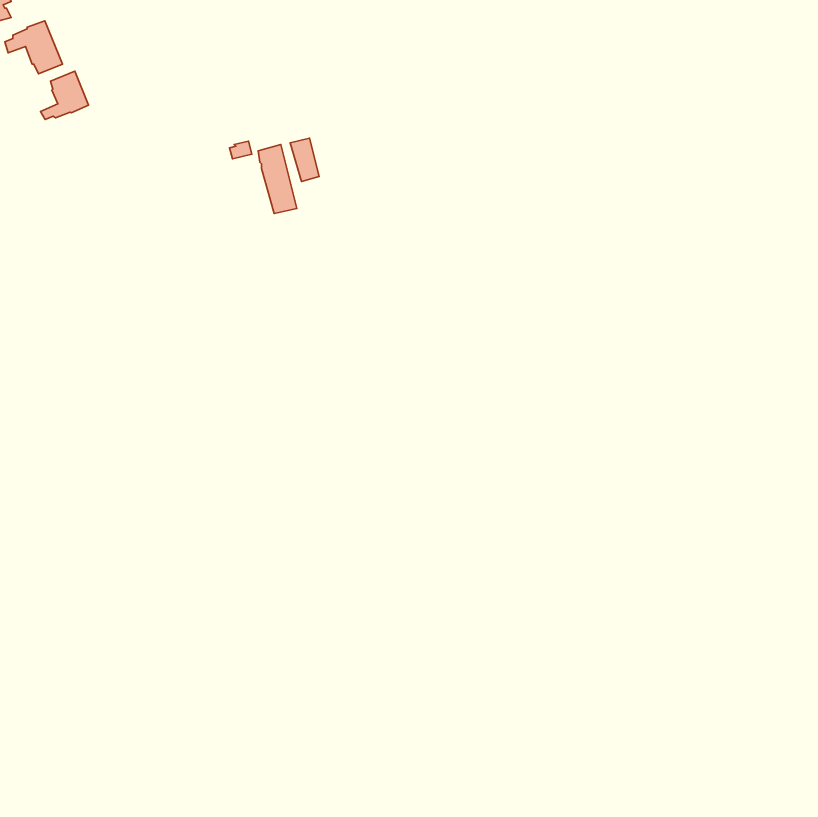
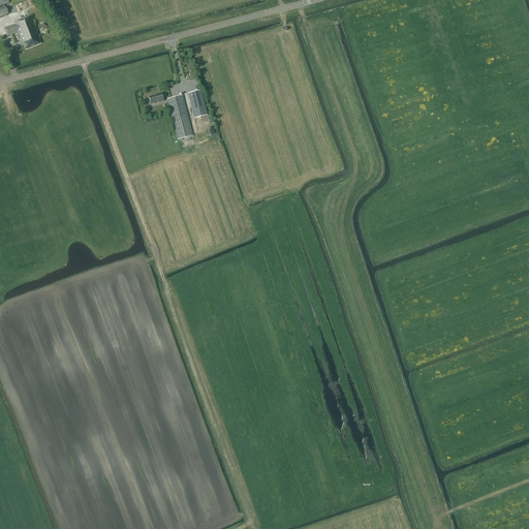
building: [41,71,89,119] -> none

